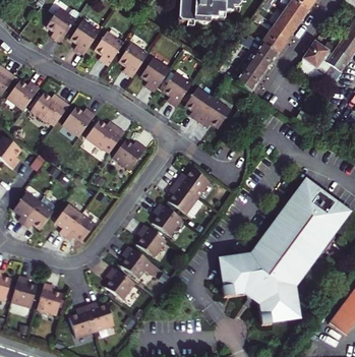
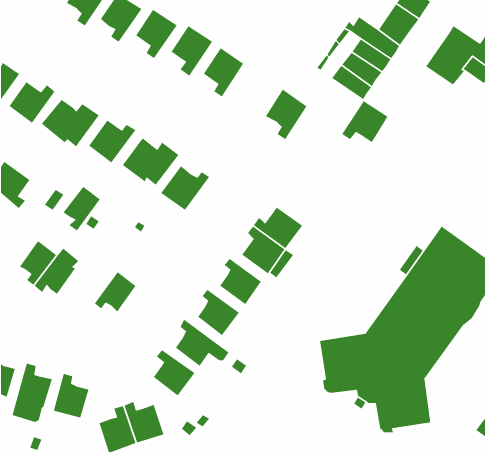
building: [162,71,191,106] -> none
building: [197,98,230,127] -> [341,100,388,143]
building: [55,202,81,234] -> [63,186,101,231]

